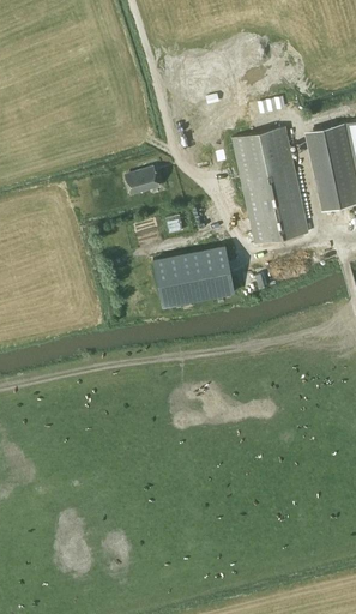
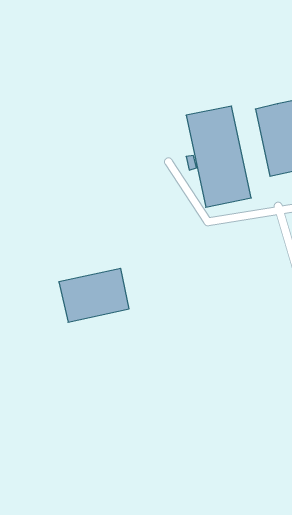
building: [126,168,159,194] -> none
building: [153,247,235,309] -> [59,268,129,322]

